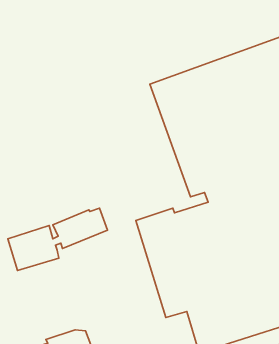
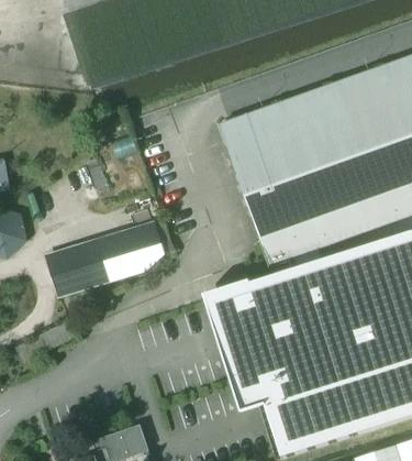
building: [8,208,107,271] -> [47,217,171,295]

